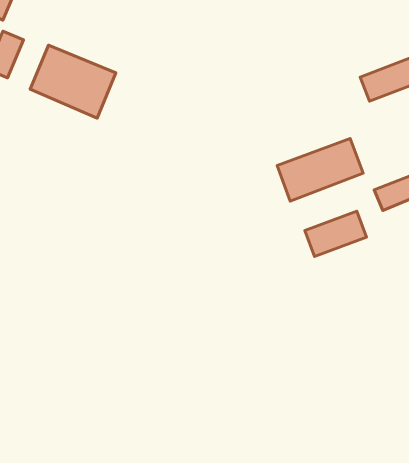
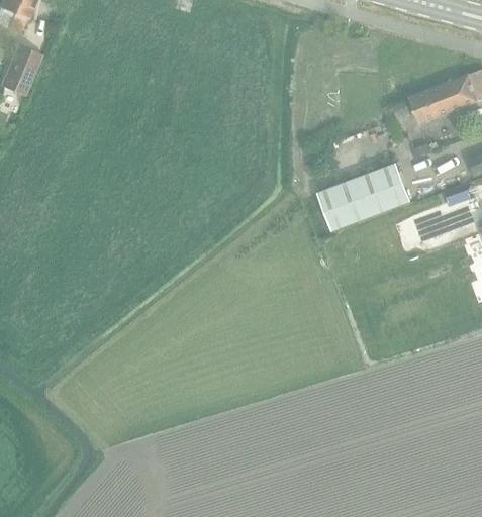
building: [30,45,116,118] -> none
building: [305,211,367,257] -> none

